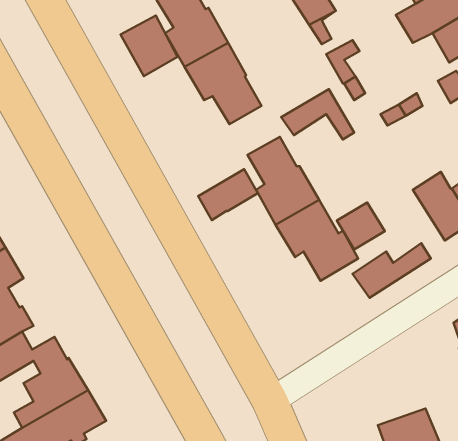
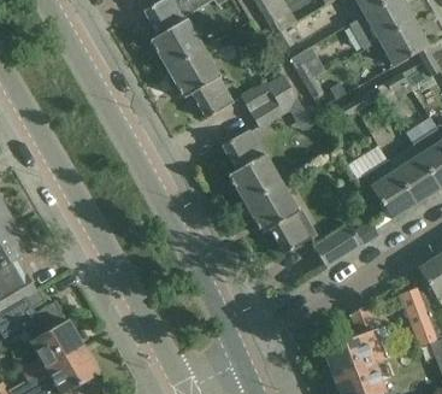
building: [120,15,177,76] -> none
building: none -> [241,75,291,112]
building: [198,169,258,220] -> none
building: [337,203,385,249] -> none
building: none -> [323,308,388,377]

